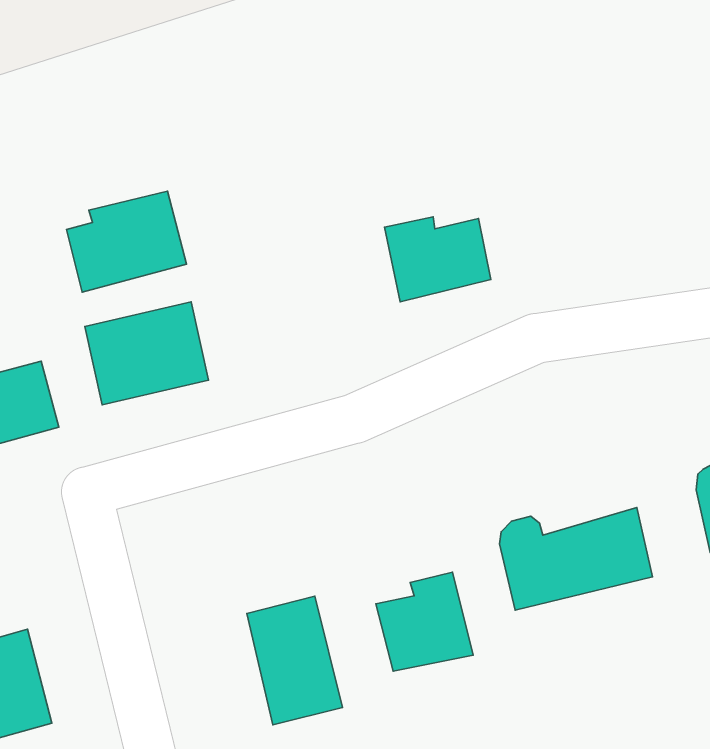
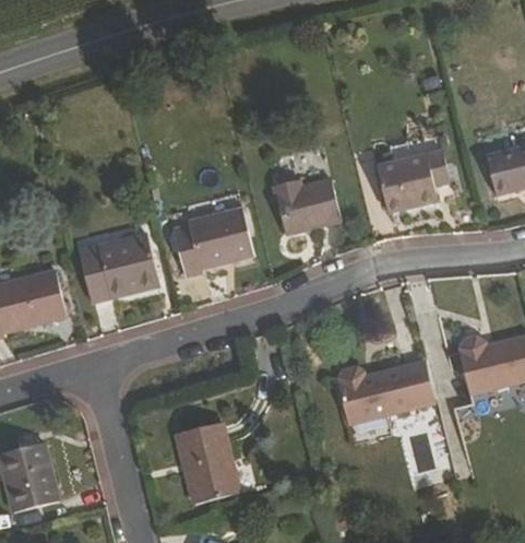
building: none -> [375,154,450,214]
building: [66,191,187,292] -> [175,208,250,271]
building: [376,572,473,671] -> none

